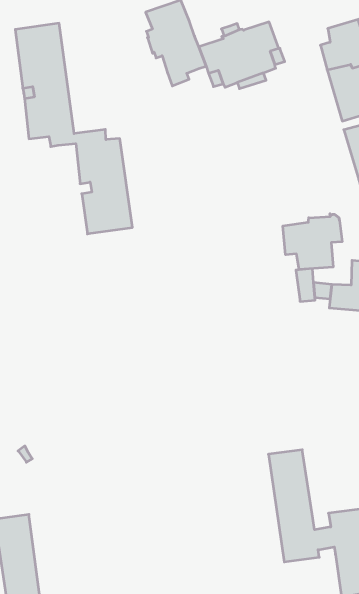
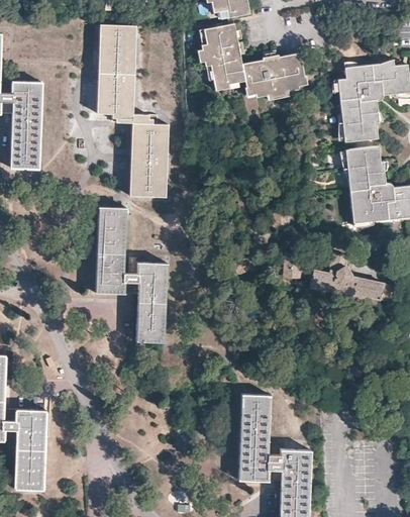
building: [283,214,342,269] -> none
building: none -> [96,207,167,342]

